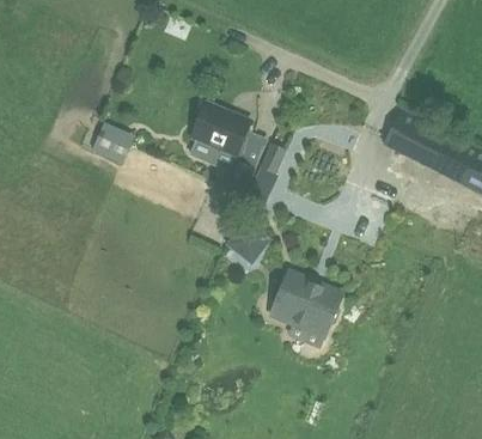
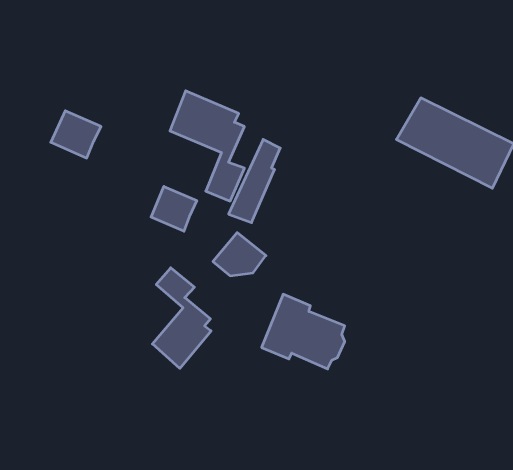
building: none -> [151,186,197,231]
building: none -> [152,268,211,368]

